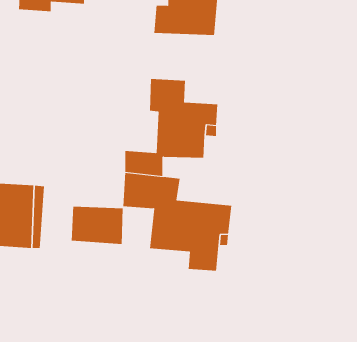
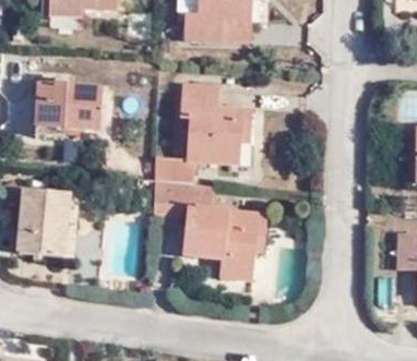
building: none -> [34,83,100,129]
building: [71,206,123,245] -> none

